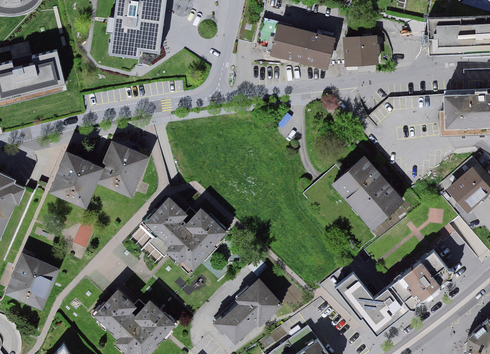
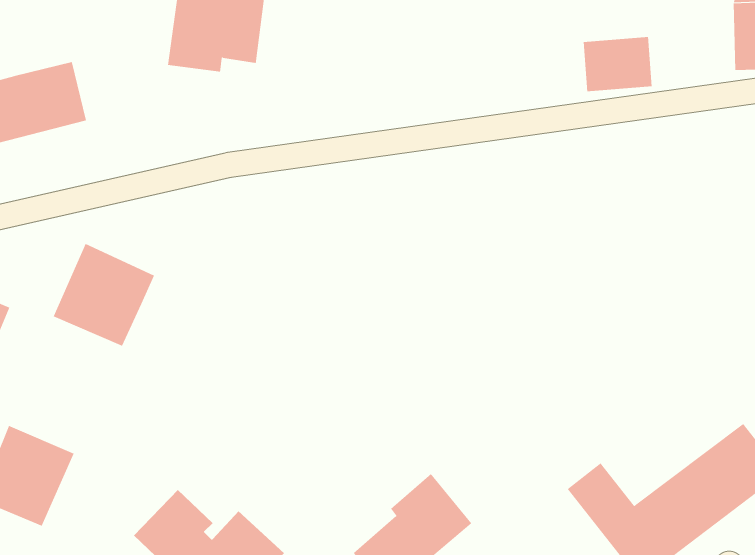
building: [269,22,335,70] -> none
building: [96,143,146,197] -> none
building: [332,154,405,229] -> none
building: [143,196,226,268] -> none

